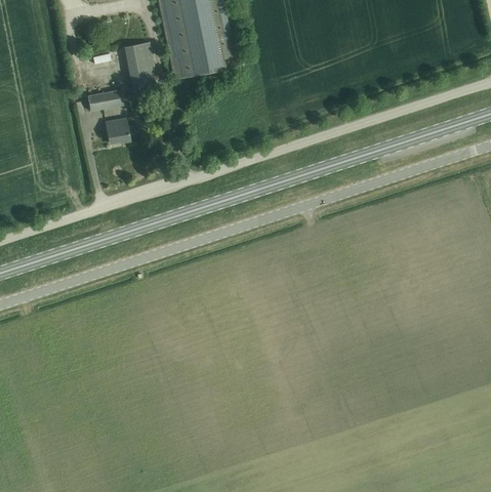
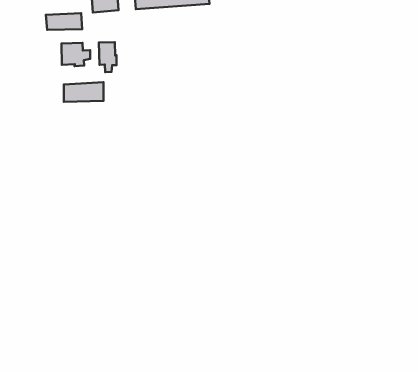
building: none -> [99,42,117,72]
building: none -> [64,82,104,102]

